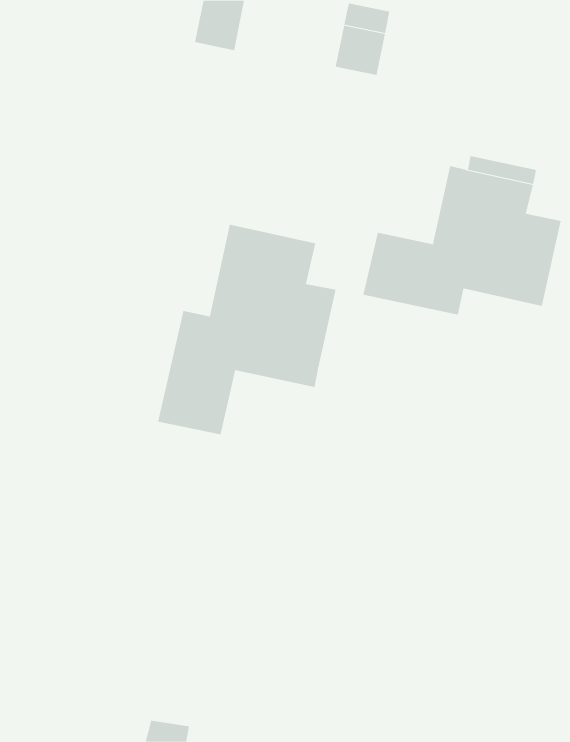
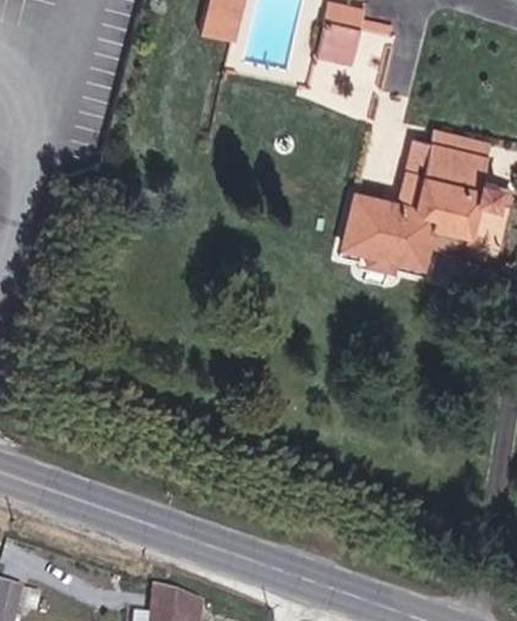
building: [158,224,336,435] -> none

